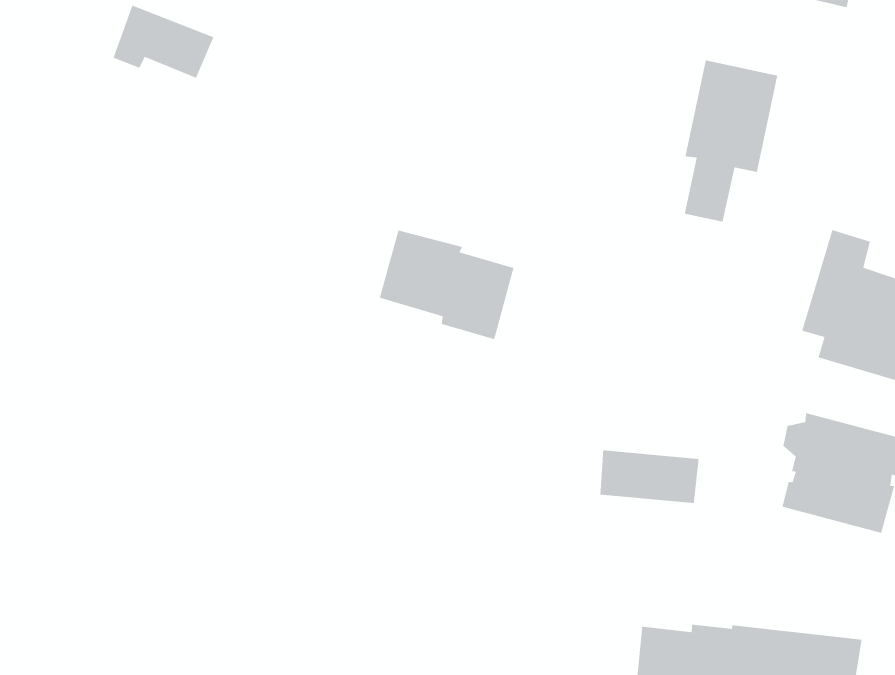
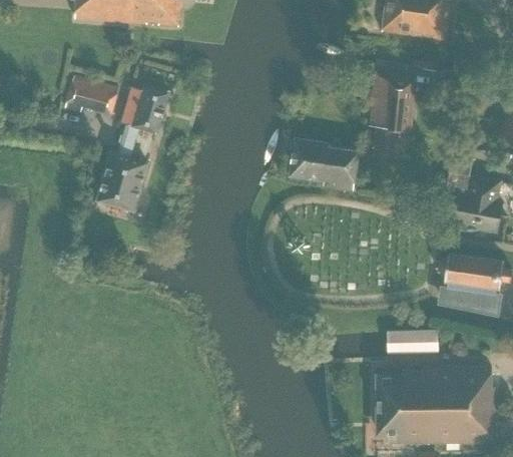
building: none -> [98,85,169,210]
building: [379,230,515,340] -> [289,139,358,191]
building: [599,449,699,504] -> [387,331,438,356]

